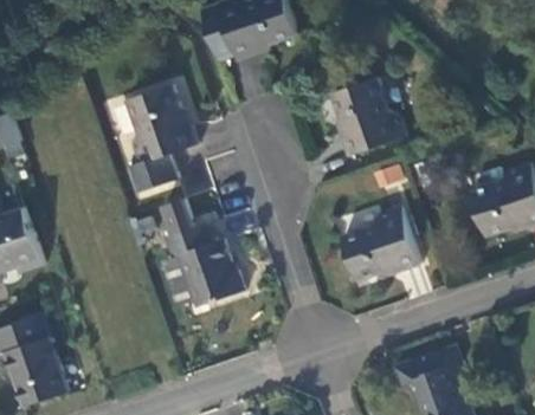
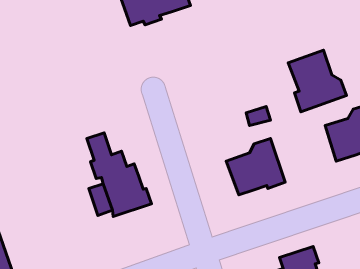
building: [329,76,405,156] -> [288,50,346,112]
building: [125,84,195,192] -> none

